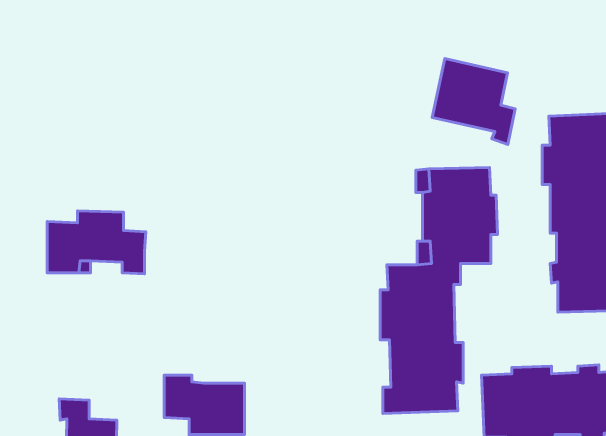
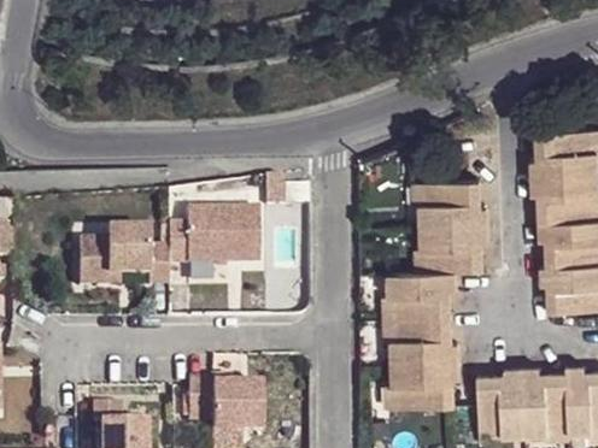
building: [432,59,515,145] -> none
building: none -> [170,208,262,264]

